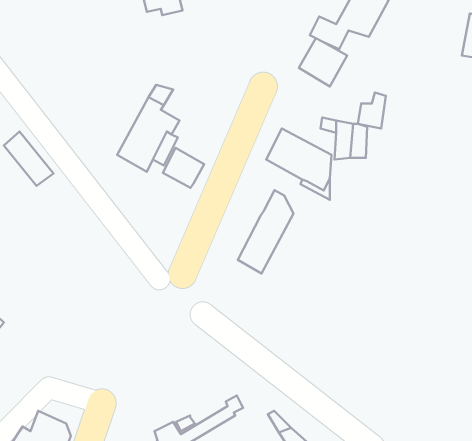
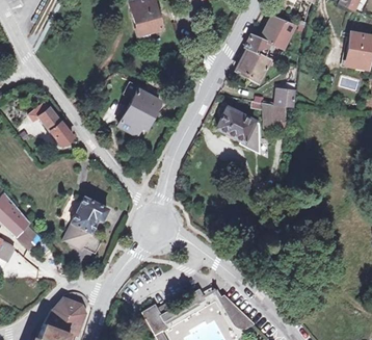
building: [163,148,204,188] -> none
building: [238,190,293,273] -> none
building: none -> [65,205,107,253]

